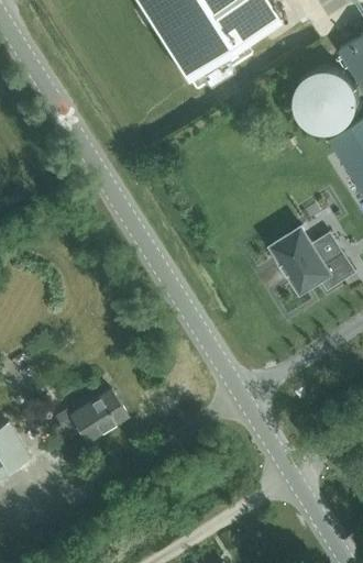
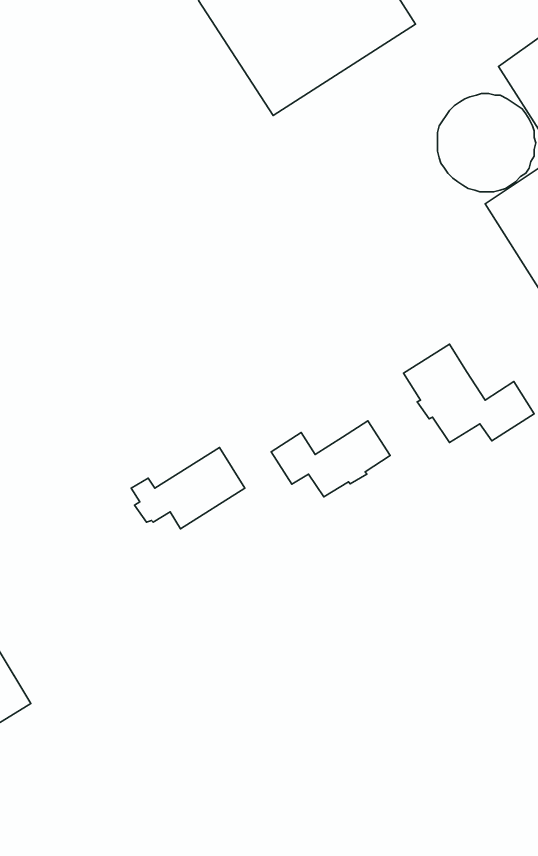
building: none -> [271,421,390,497]
building: [54,389,128,442] -> [131,448,245,529]

